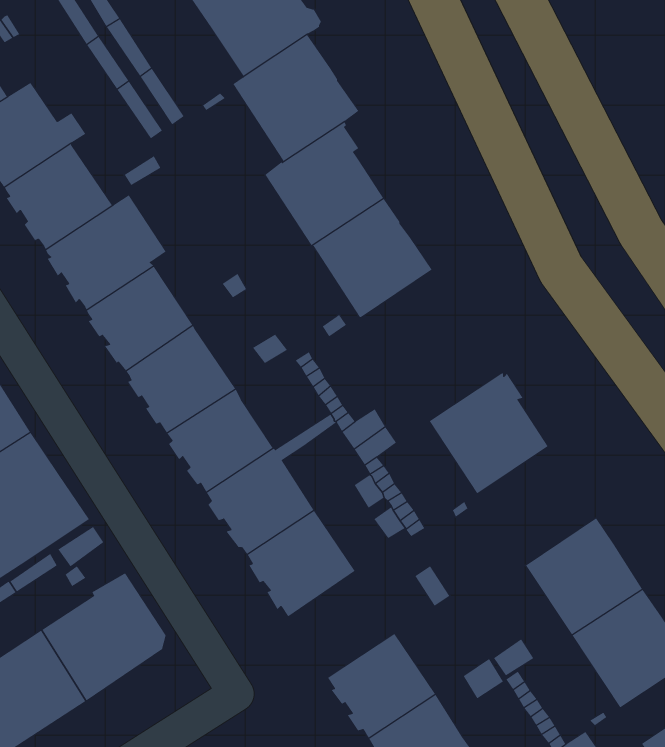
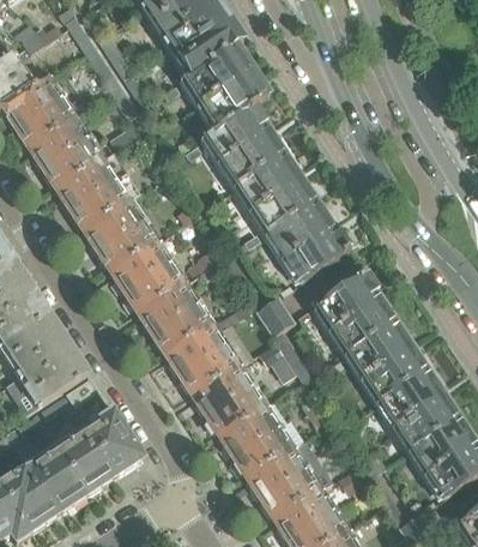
building: none -> [268,204,351,283]
building: none -> [347,323,428,403]
building: none -> [220,402,304,479]

